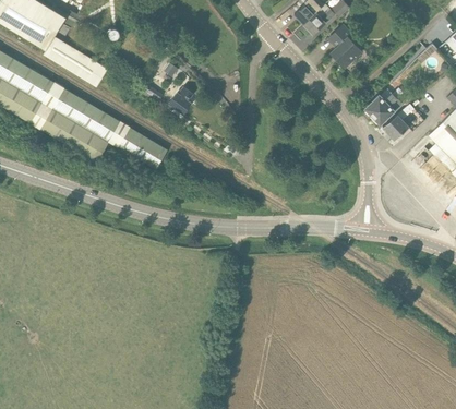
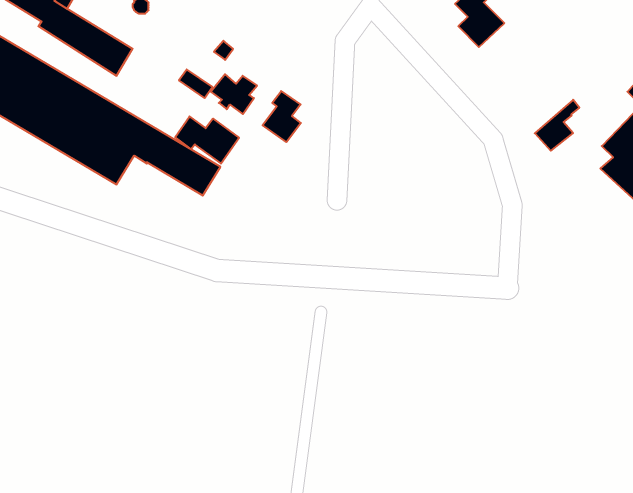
building: [363,88,400,124] -> none
building: none -> [263,91,301,142]
building: none -> [175,116,239,164]

